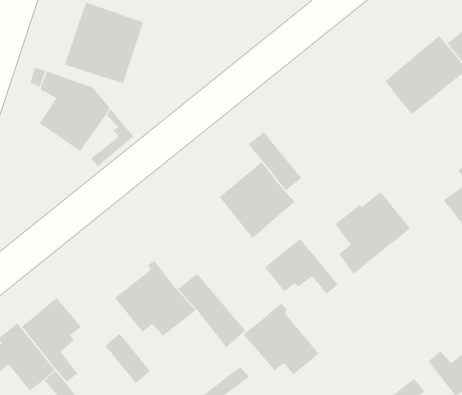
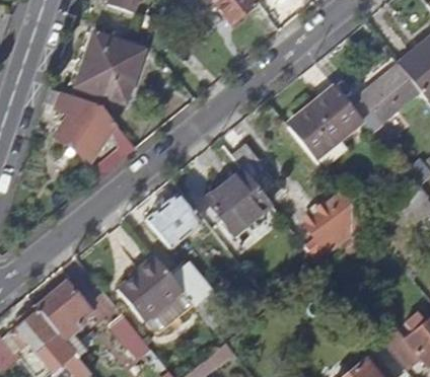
building: none -> [289,85,363,158]
building: none -> [147,193,201,247]
building: [265,238,339,294] -> none
building: [242,302,319,375] -> none

